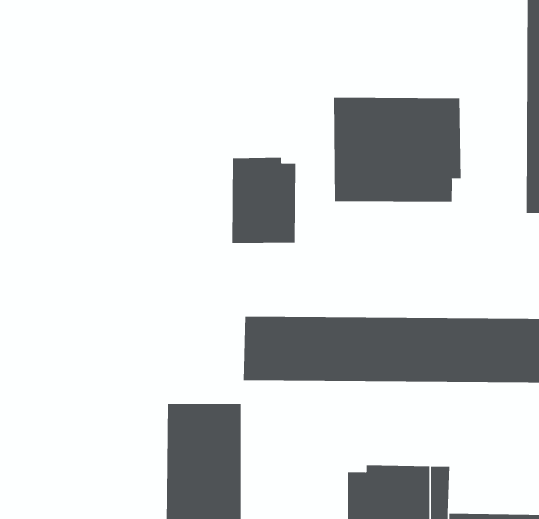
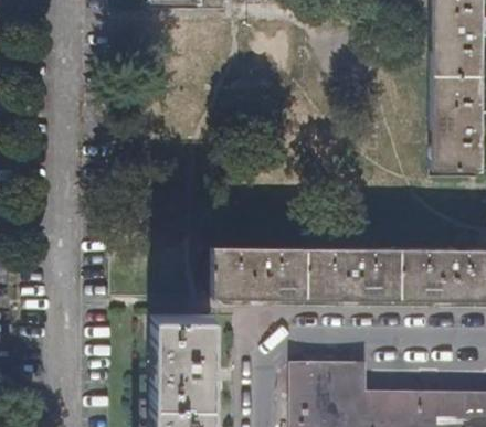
building: [334,97,461,203] -> none
building: [232,157,296,244] -> none

